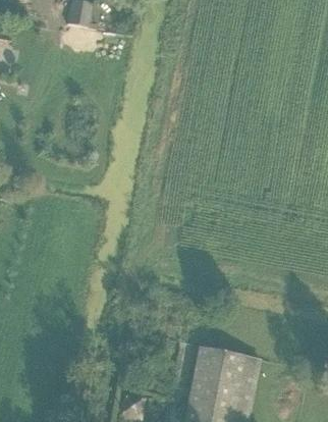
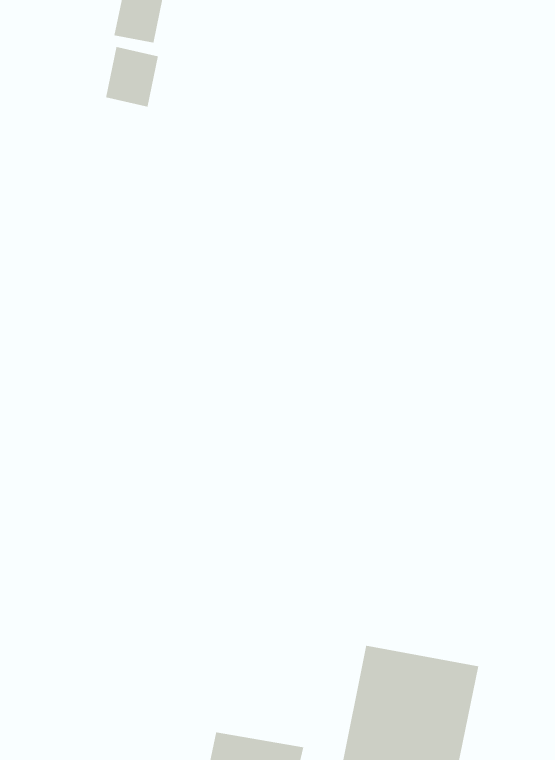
building: none -> [105,46,158,107]

